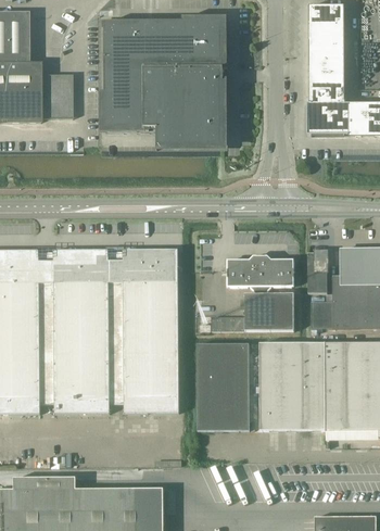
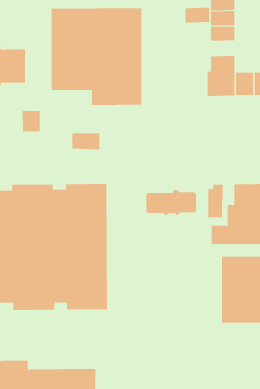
building: [311,62,343,83] -> [185,7,210,23]
building: none -> [22,110,40,132]
building: none -> [72,133,100,150]
building: [212,292,293,331] -> none
building: [259,342,325,430] -> none
building: [197,343,249,430] -> none

